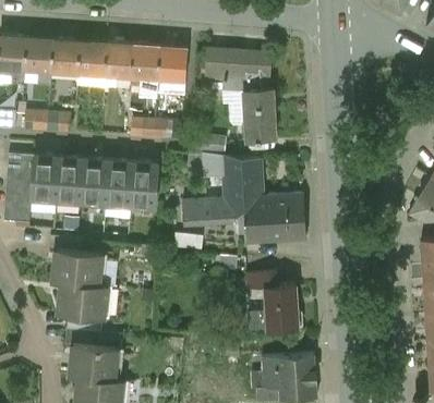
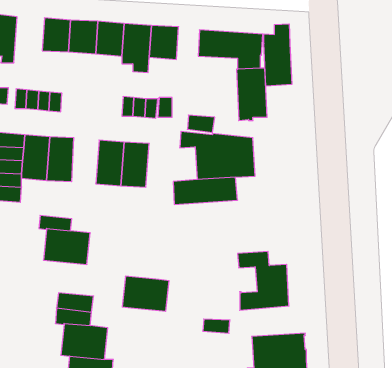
building: [24,38,53,85] -> none
building: none -> [264,24,292,86]
building: [81,159,108,205] -> none
building: [244,195,306,242] -> none
building: [59,282,106,317] -> [122,276,169,311]

